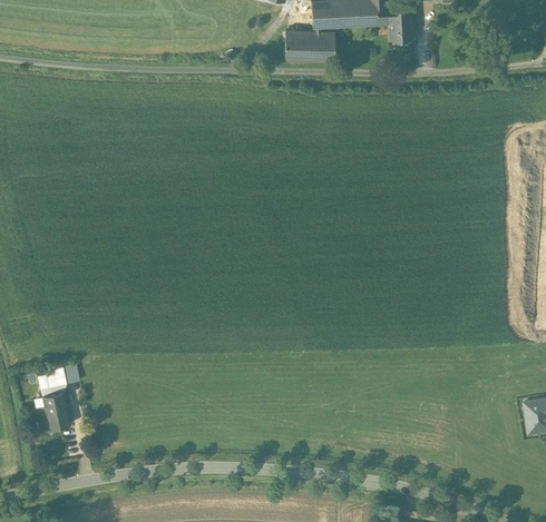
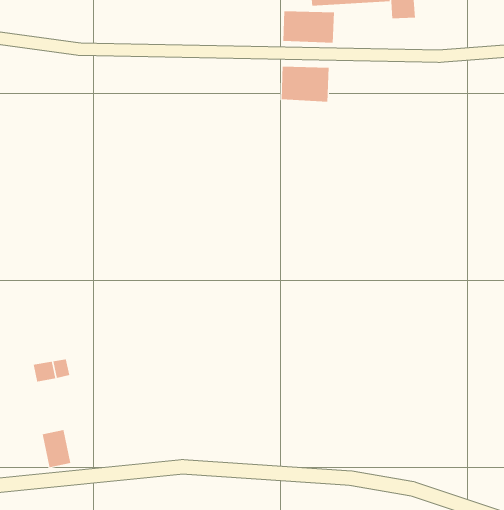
building: none -> [281,66,329,102]
building: [42,393,70,430] -> [42,429,71,468]

